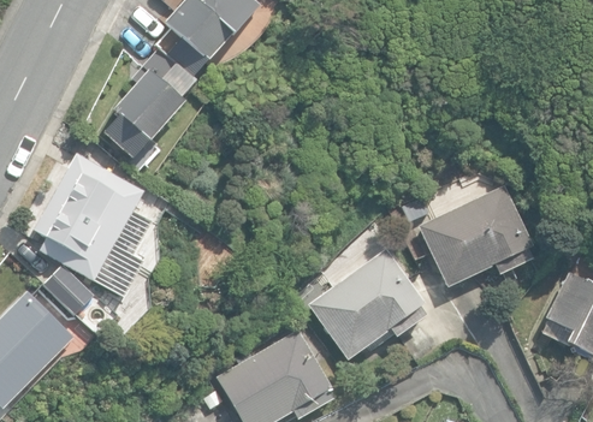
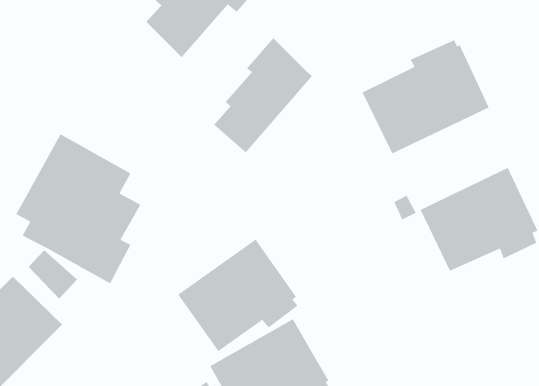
building: [101,47,197,159] -> [213,37,313,154]
building: none -> [361,39,490,155]
building: [309,249,426,358] -> [177,238,298,352]

